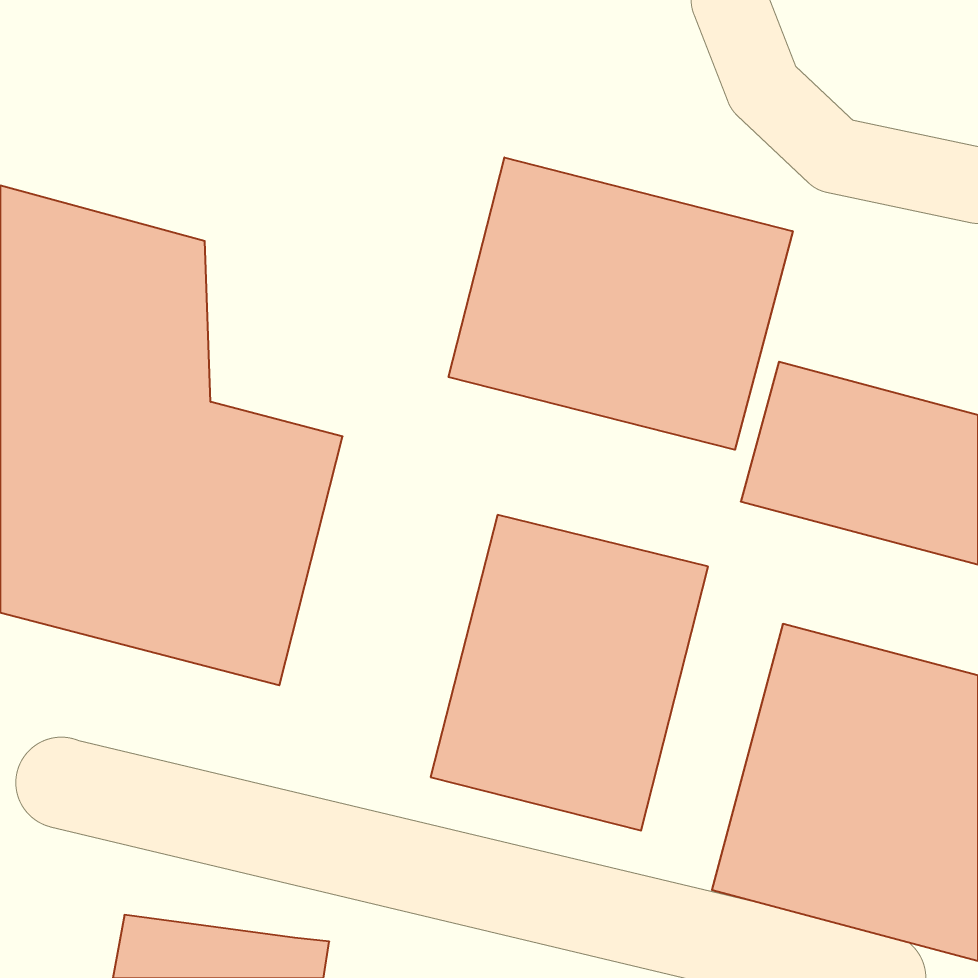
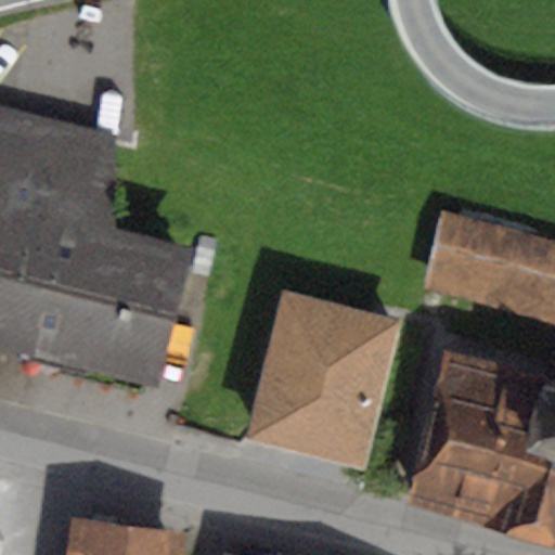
building: [449,157,793,450] -> none

